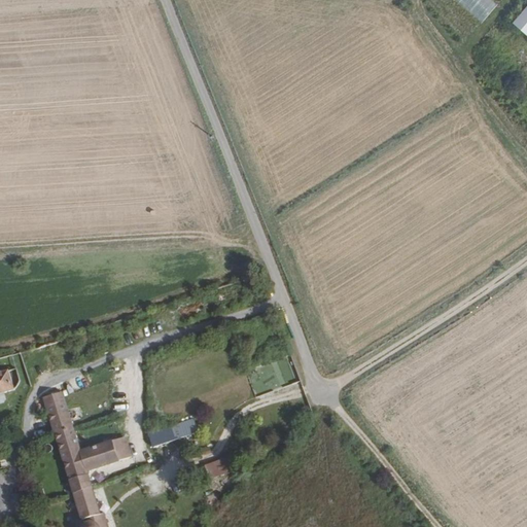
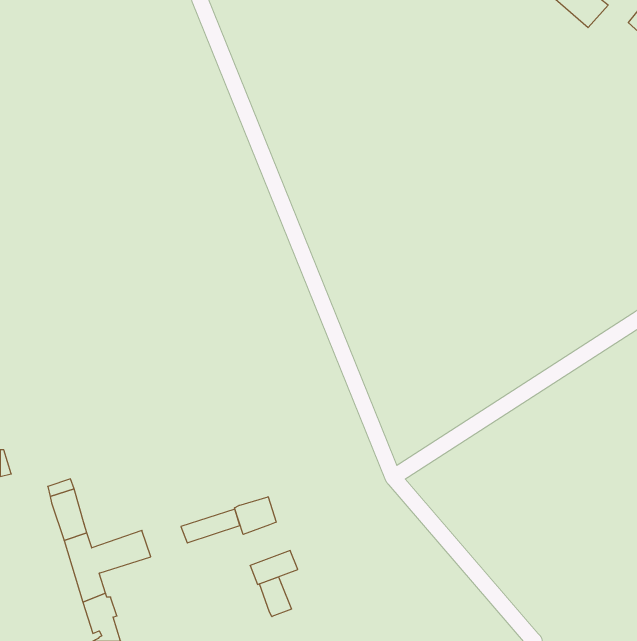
building: none -> [235,497,276,534]
building: none -> [260,577,292,617]

